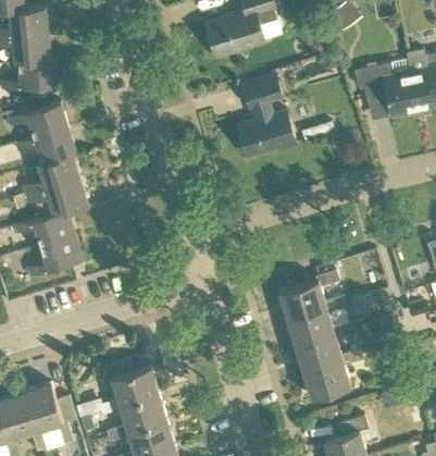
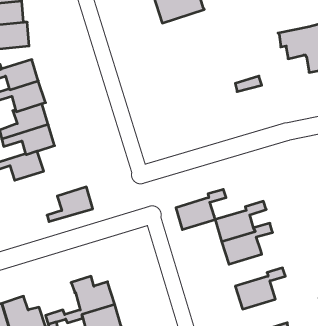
building: [235,75,296,158] -> none
building: [27,234,82,275] -> [47,187,93,222]
building: [295,323,354,371] -> [176,189,226,230]

